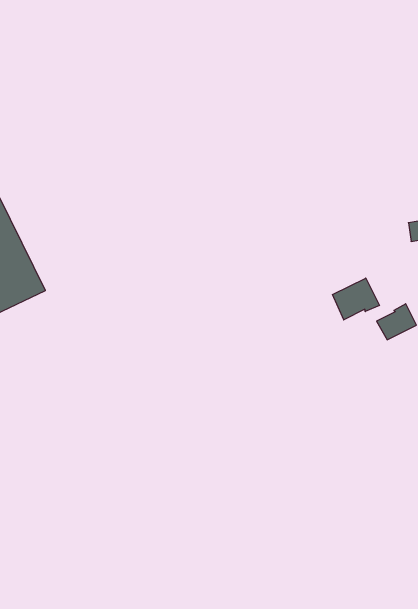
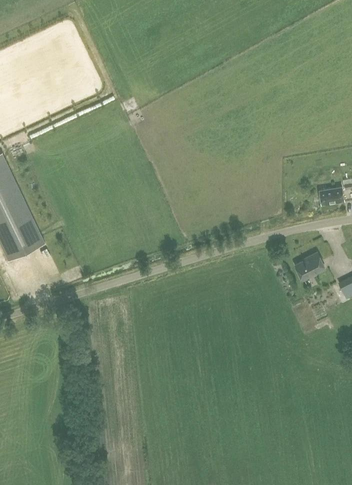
building: [333,278,379,320] -> none

